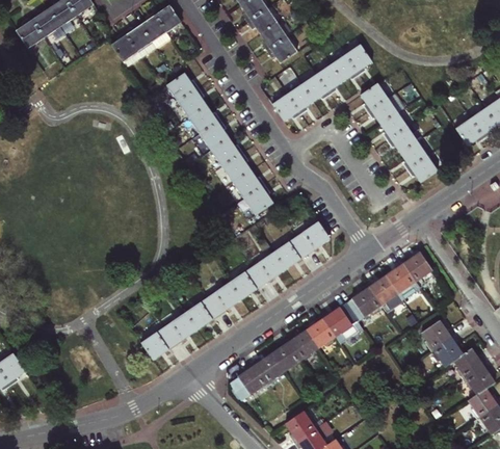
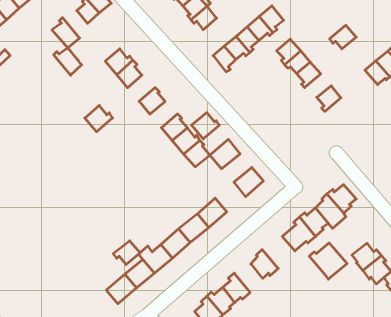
building: [124,26,154,57] -> [54,48,82,75]
building: [272,93,300,120] -> none
building: [188,106,219,135] -> [85,105,113,132]
building: [387,126,417,152] -> [330,25,356,49]
building: [210,138,241,167] -> [192,113,219,139]
building: [406,155,437,181] -> none
building: [273,237,308,269] -> [210,139,240,169]
building: none -> [113,241,140,265]
building: [320,303,362,344] -> [309,243,347,279]
building: [286,331,317,363] -> none

